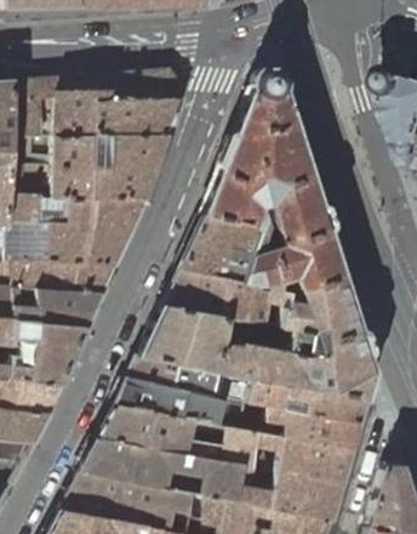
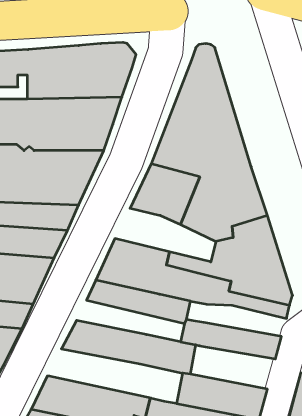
building: [160,267,281,331] -> none
building: [114,377,244,427] -> none
building: [246,379,366,421] -> none
building: [251,431,353,484] -> none
building: [79,436,241,501] -> none

